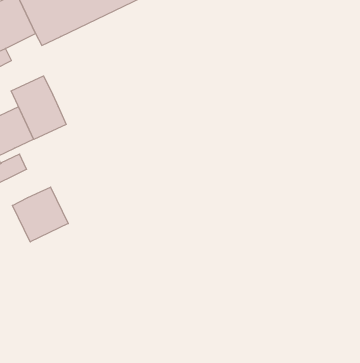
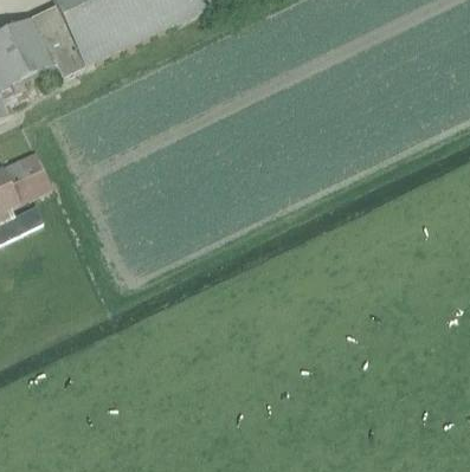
building: [11,76,66,139] -> none
building: [12,187,68,242] -> none

